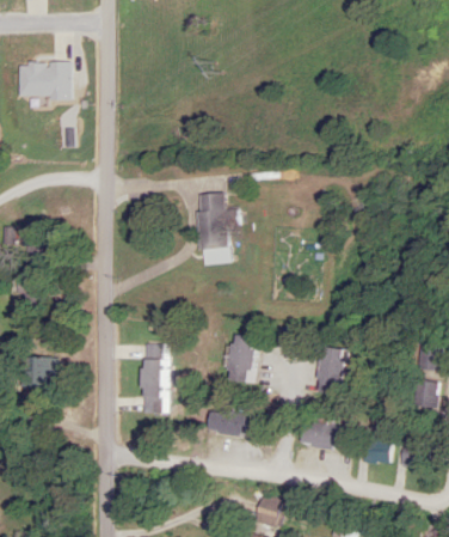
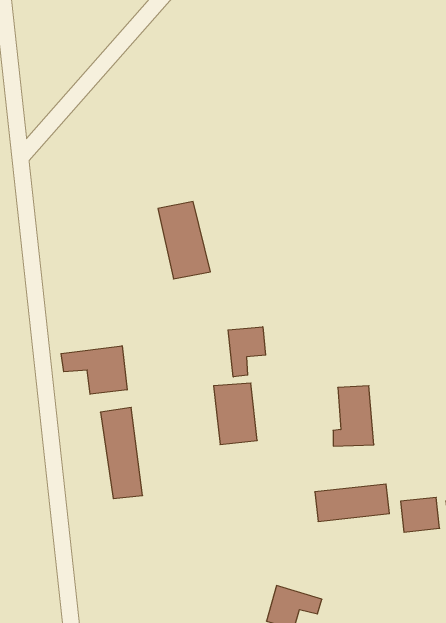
building: none -> [228,327,266,377]
building: none -> [61,346,127,394]
building: [215,413,257,435] -> none

